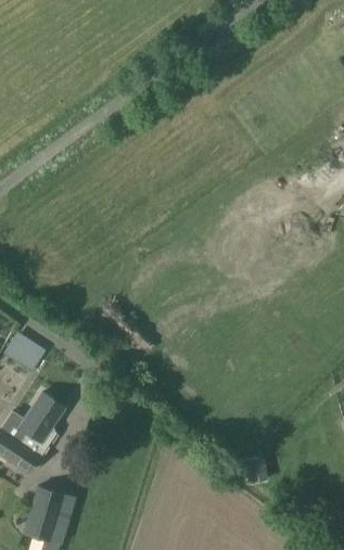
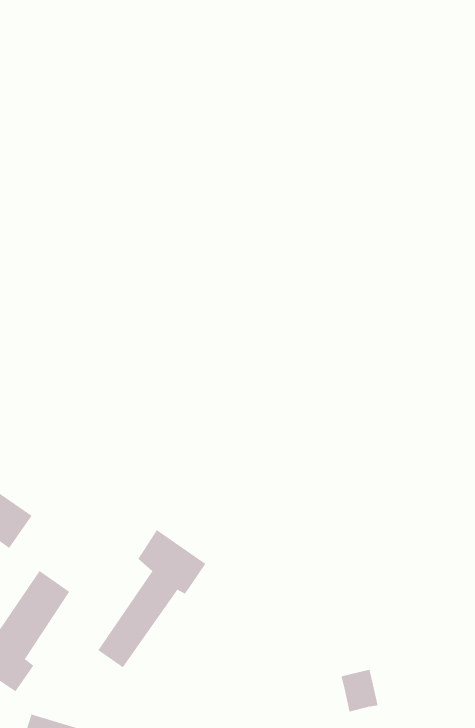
building: none -> [97,529,206,668]

